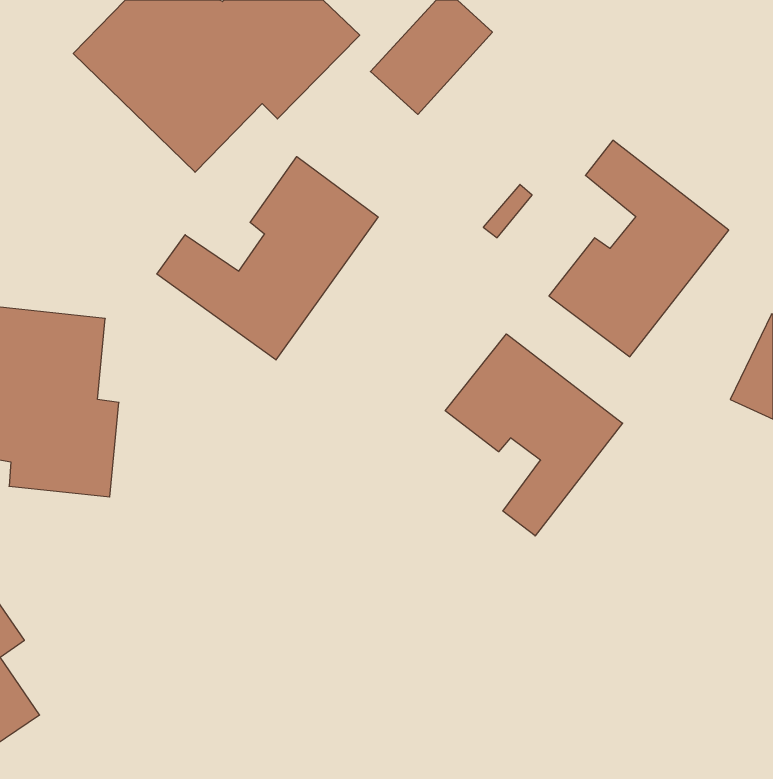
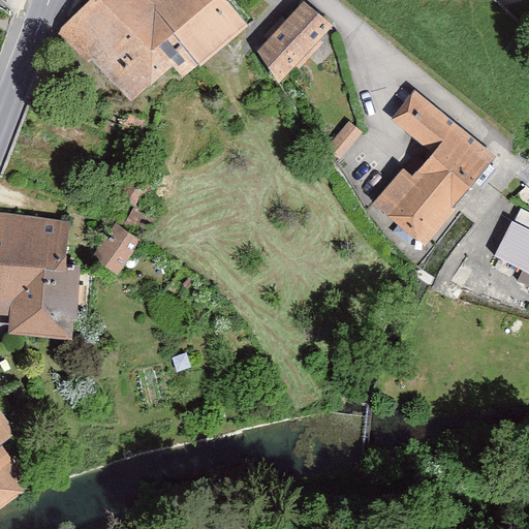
building: [157,157,378,360] -> none
building: none -> [92,225,142,276]
building: [445,334,623,536] -> none

